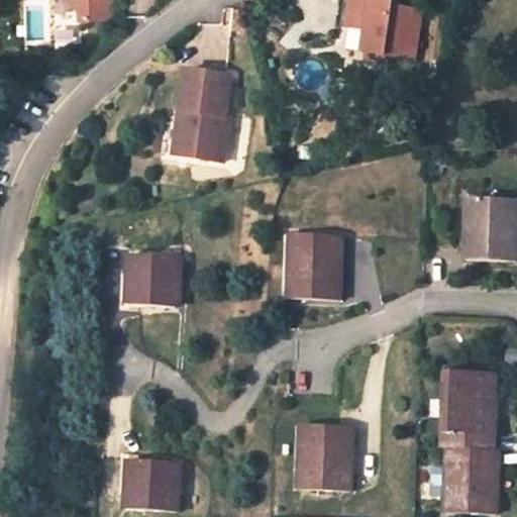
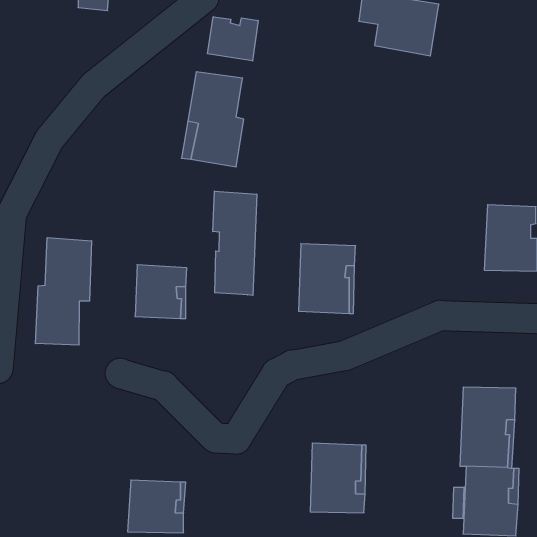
building: none -> [208,17,258,61]
building: none -> [213,191,257,295]
building: none -> [35,238,92,345]

